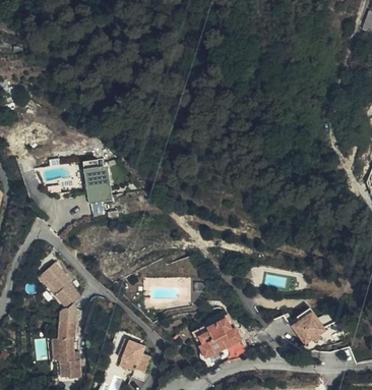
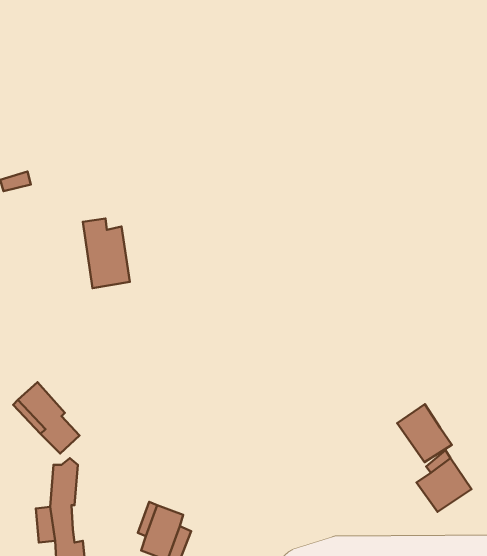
building: none -> [397,404,452,462]
building: [192,314,241,357] -> none

